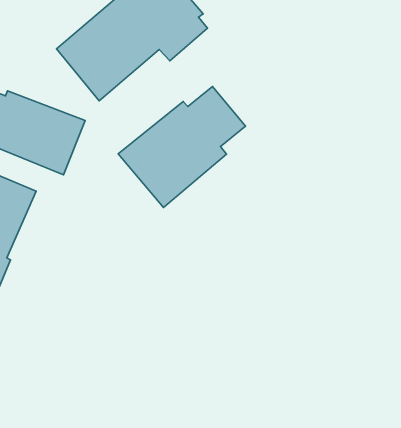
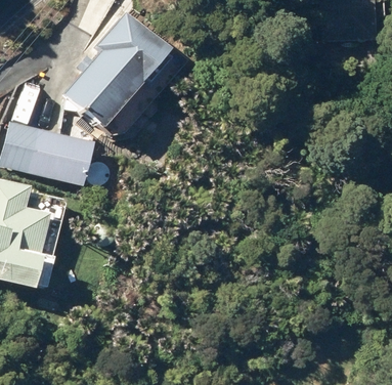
building: [118,87,246,208] -> none

